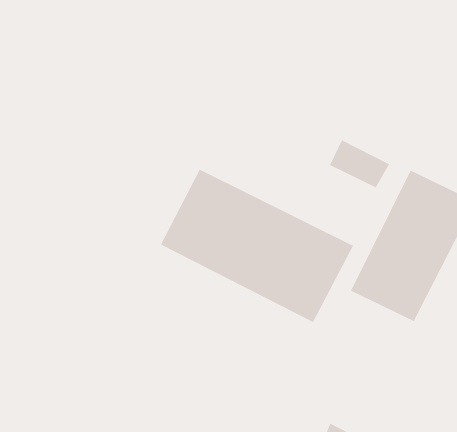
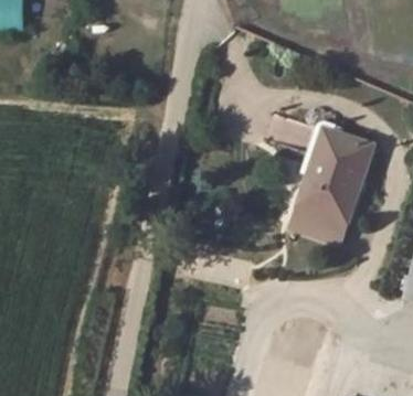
building: [160,169,354,323] -> none

